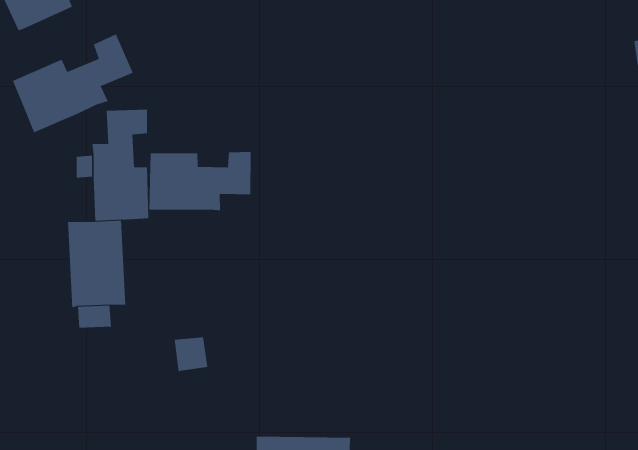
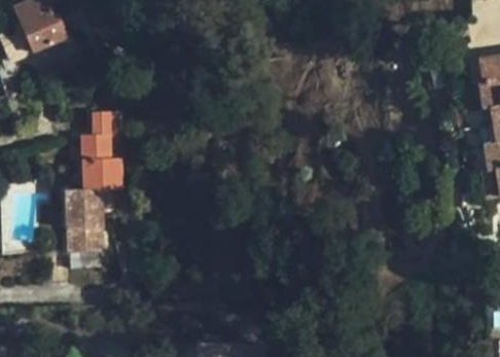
building: [12,33,133,133] -> none
building: [149,151,251,211] -> none

